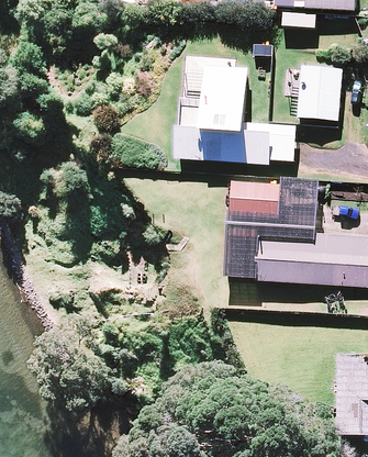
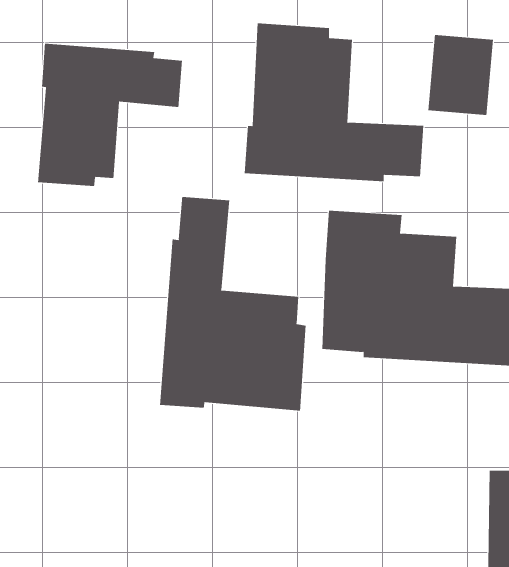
building: none -> [37,43,182,187]
building: none -> [159,196,306,412]

